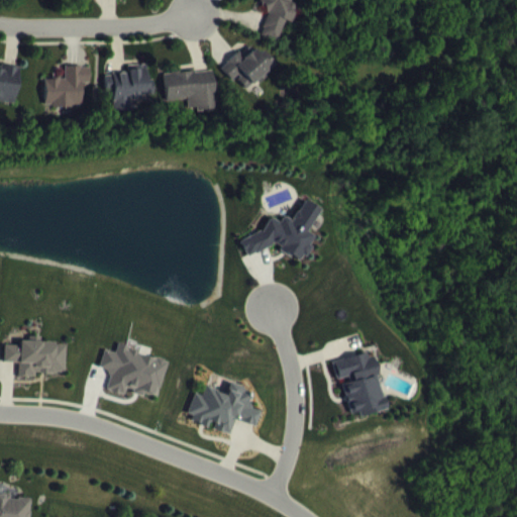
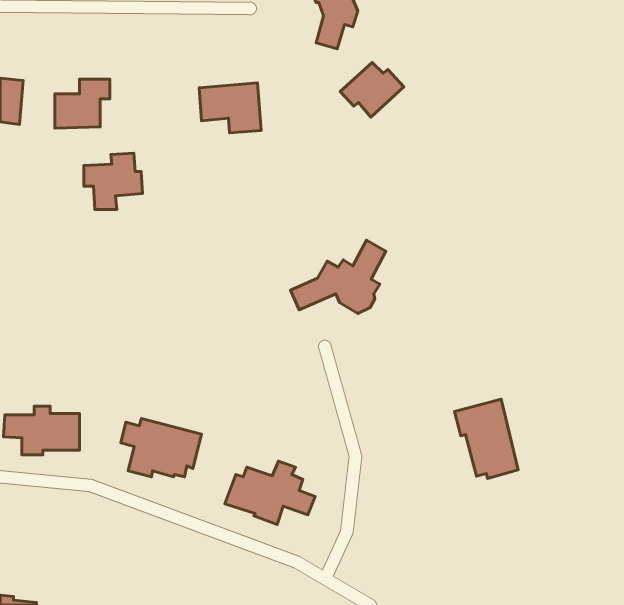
building: [222,43,275,89] -> [340,62,404,117]
building: [106,64,154,110] -> [84,153,142,209]
building: [331,350,384,416] -> [455,399,518,479]

